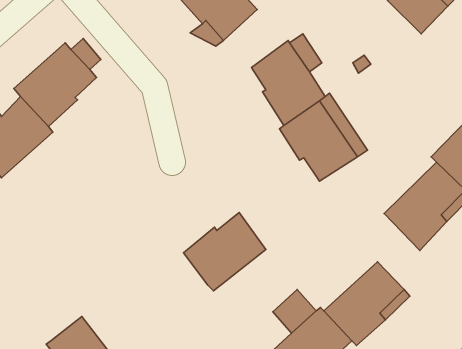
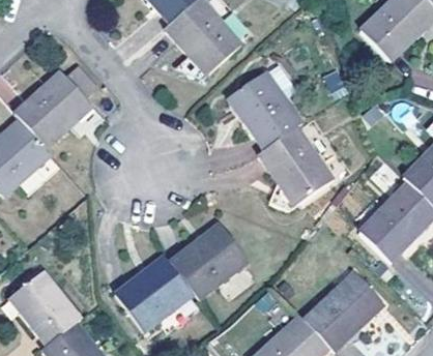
building: none -> [115,260,194,332]
building: none -> [10,271,82,347]

